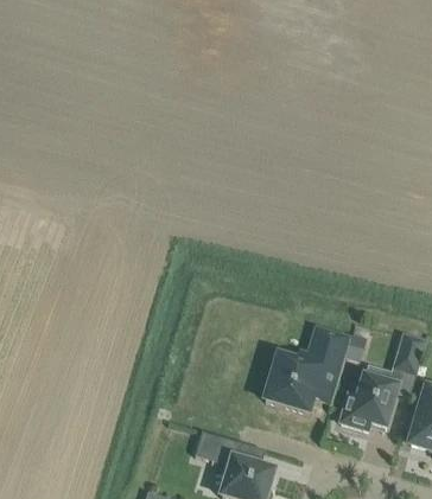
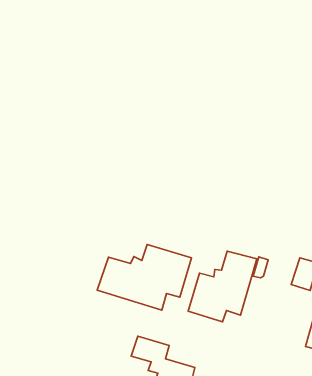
building: none -> [97,245,192,310]
building: [341,370,402,430] -> none

